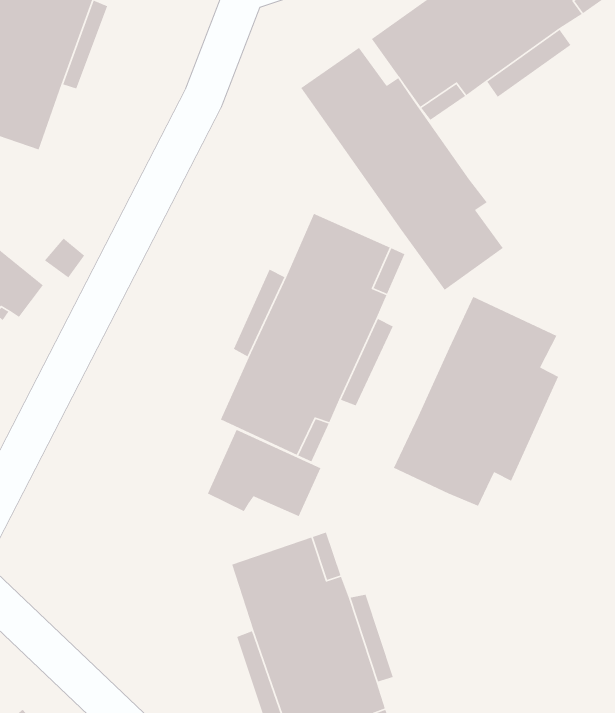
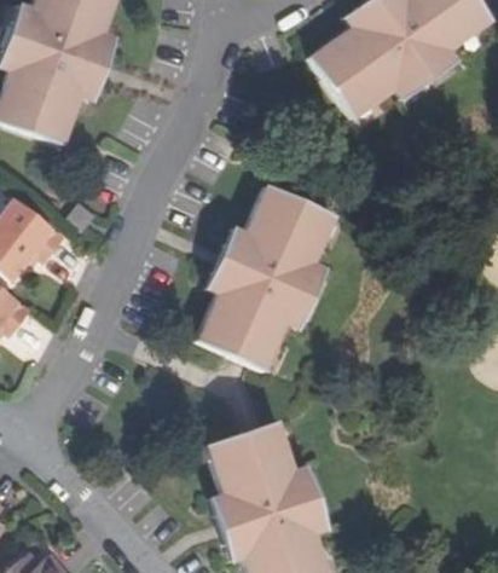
building: [300,47,504,291] -> none
building: [393,296,559,507] -> none
building: [207,429,322,517] -> none

